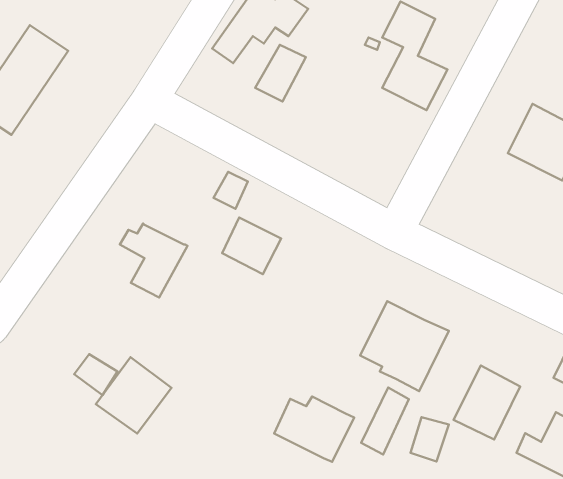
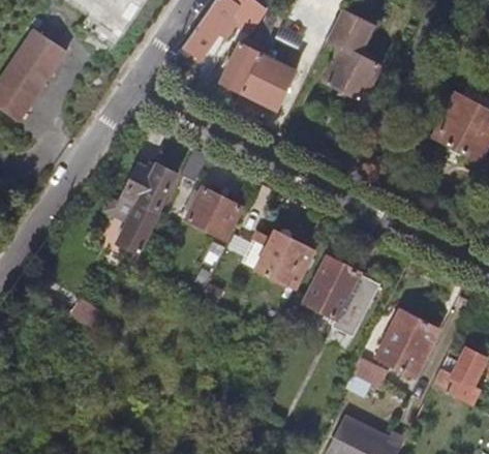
building: none -> [241,54,297,110]
building: none -> [125,167,177,211]
building: [96,357,172,434] -> none
building: [361,387,409,454] -> none
building: [274,396,354,462] -> [245,234,312,289]

